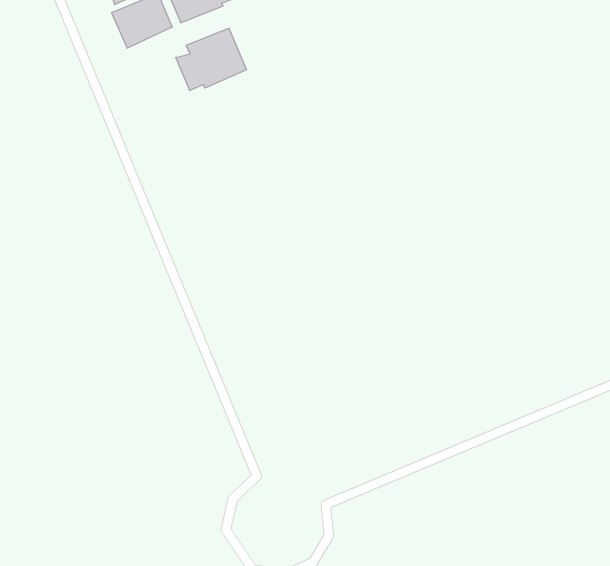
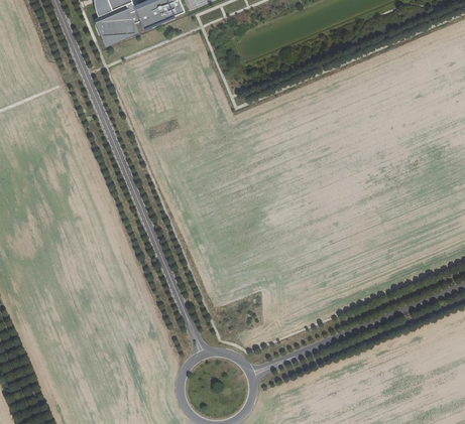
building: [176,28,246,91] -> none

